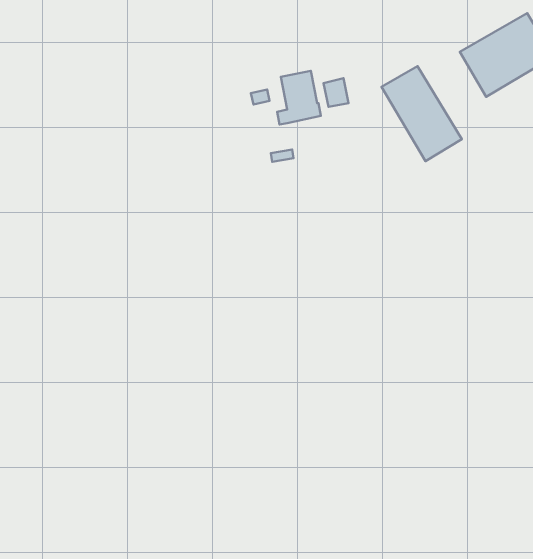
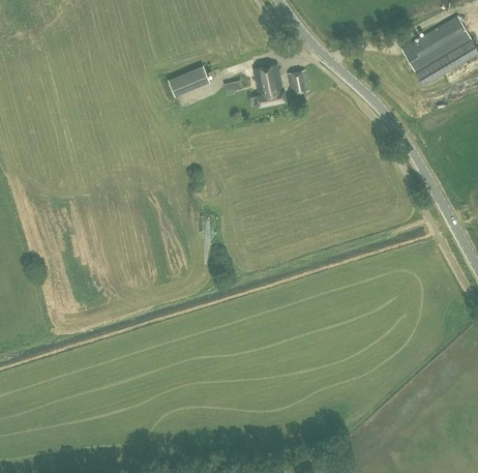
building: [382,66,462,161] -> none
building: none -> [171,64,211,92]

